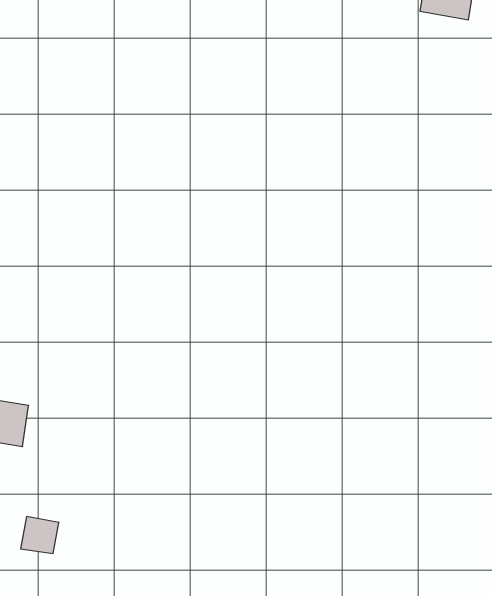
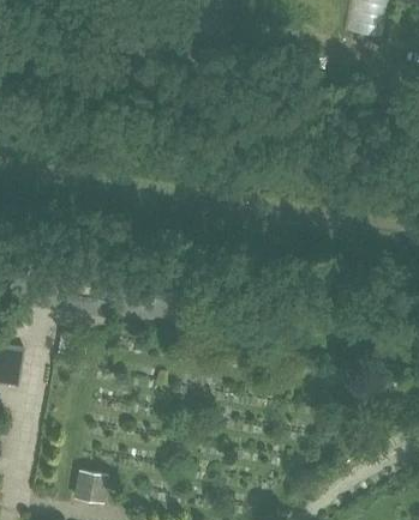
building: [21,517,59,553] -> [76,471,107,501]

